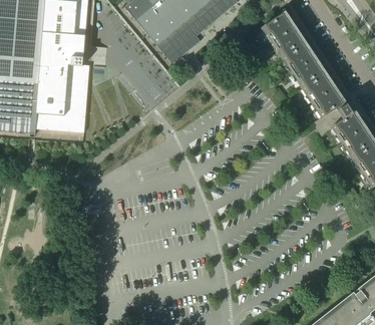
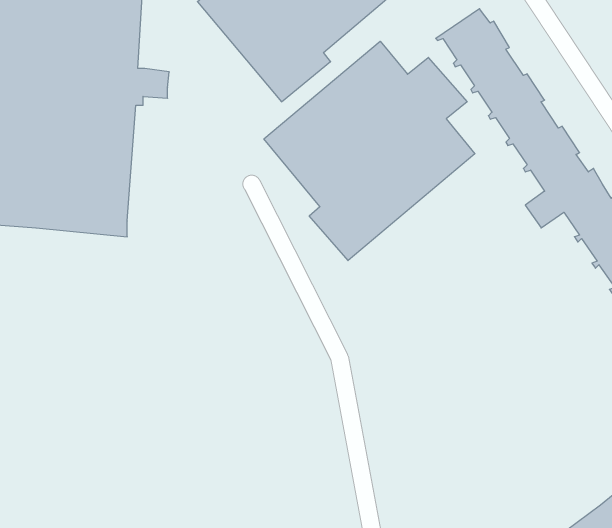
building: none -> [264,41,475,261]

